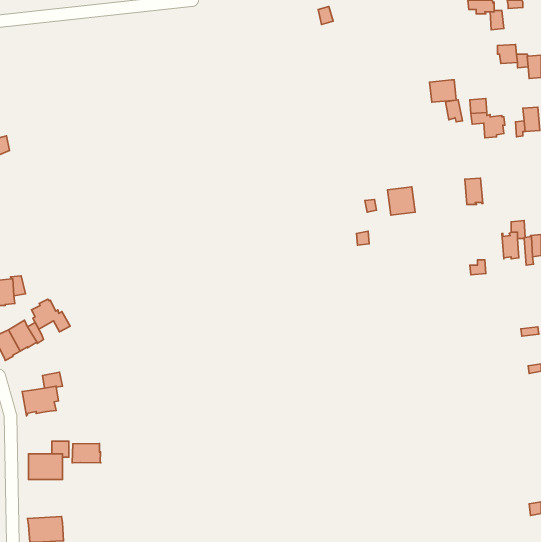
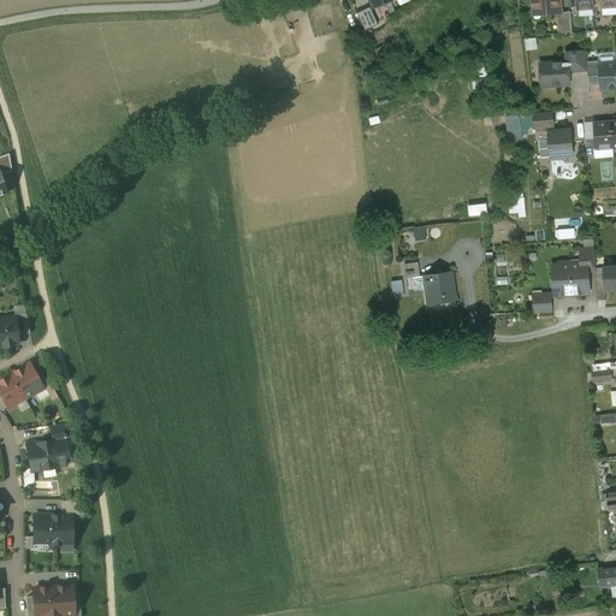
building: [430,80,456,102] -> [539,61,569,87]
building: [465,178,483,205] -> [551,265,571,295]
building: [388,187,415,215] -> [424,272,455,304]
building: [32,299,70,332] -> none
building: [72,443,101,463] -> none

